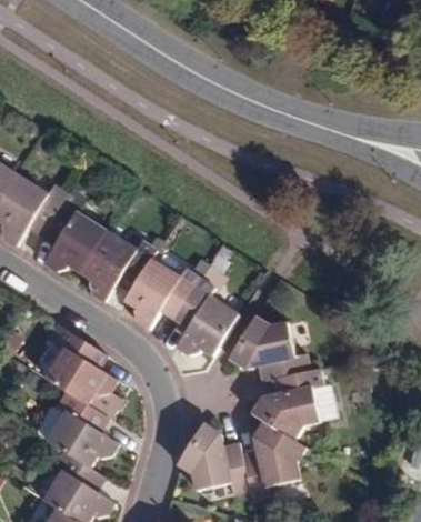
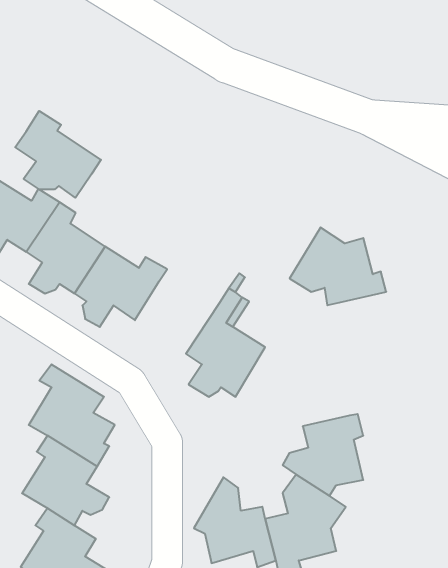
building: none -> [15,111,101,198]
building: [127,260,201,325] -> none
building: [229,318,309,382] -> [290,227,386,305]

